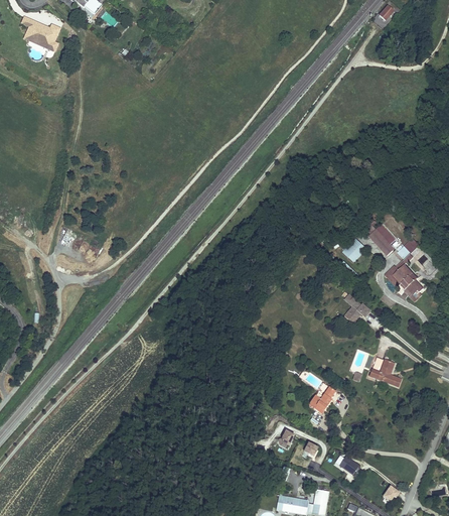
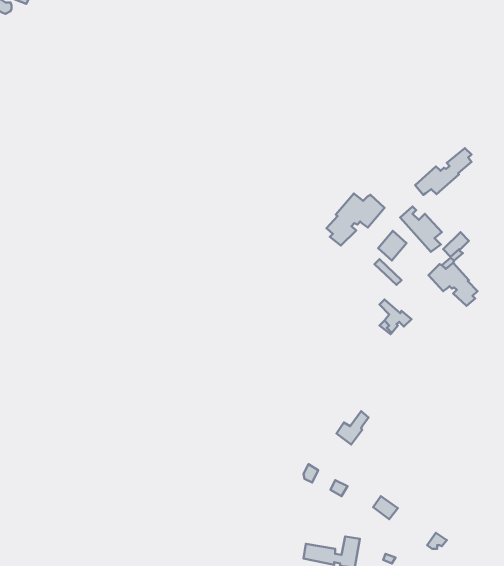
building: none -> [415,148,471,195]
building: none -> [326,194,385,246]
building: [368,357,400,387] -> none

